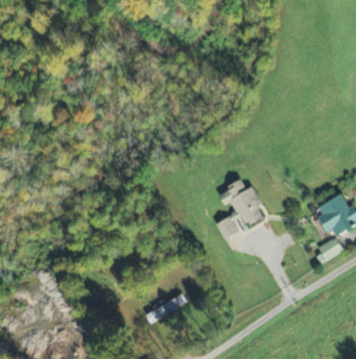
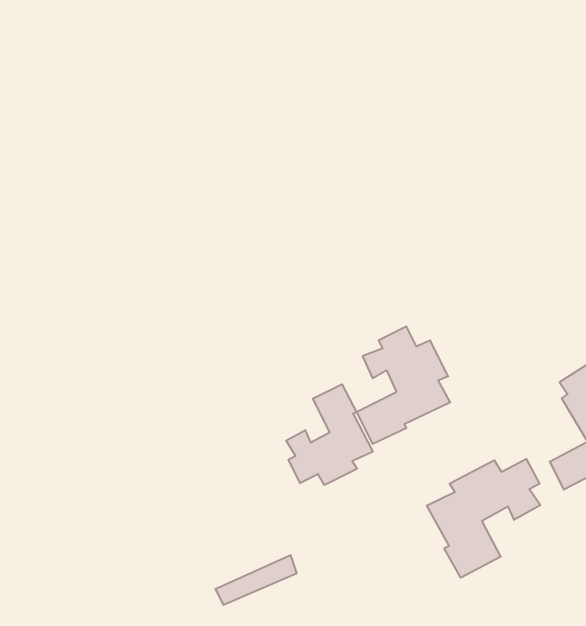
building: none -> [286,384,373,485]
building: none -> [427,459,540,578]

